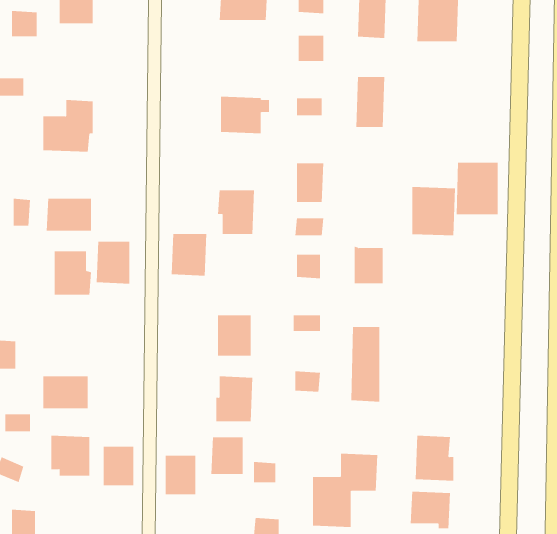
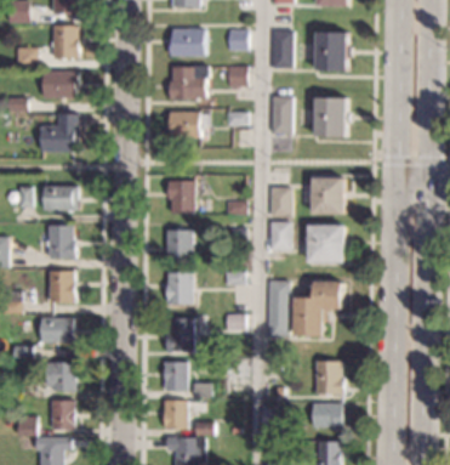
building: none -> [170,64,210,100]
building: none -> [42,70,78,97]
building: [456,162,499,215] -> [314,97,346,136]
building: [296,163,324,202] -> [270,187,291,216]
building: [171,233,207,276] -> [167,229,194,261]
building: [96,241,130,284] -> [49,271,74,302]
building: none -> [308,225,344,261]
building: [103,446,134,486] -> [51,399,74,429]
building: [312,453,378,527] -> [294,280,342,335]
building: [165,455,196,495] -> [165,399,188,429]

